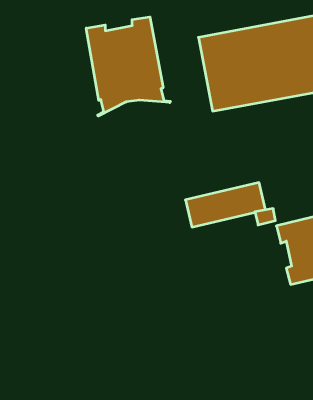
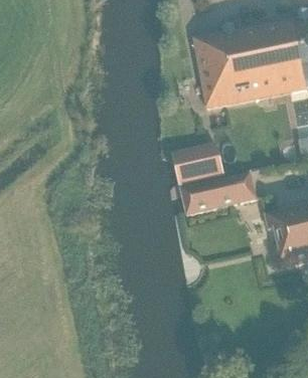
building: [86,17,170,116] -> none
building: none -> [171,143,223,187]

